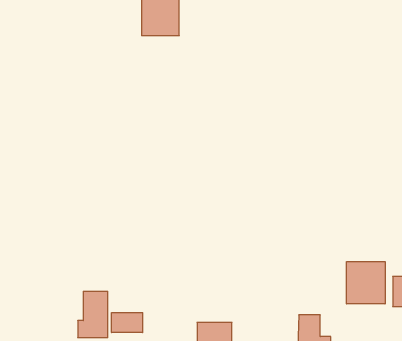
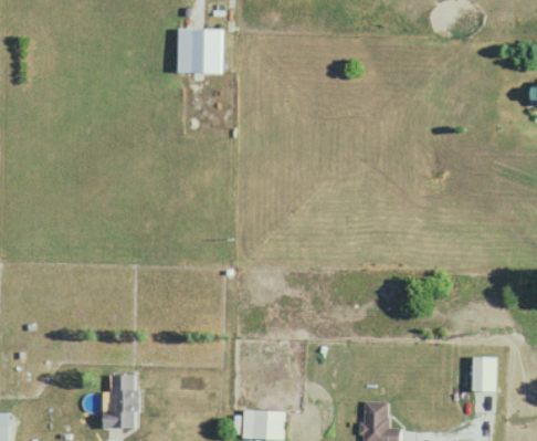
building: [347,262,385,304] -> none
building: [112,313,143,333] -> none

